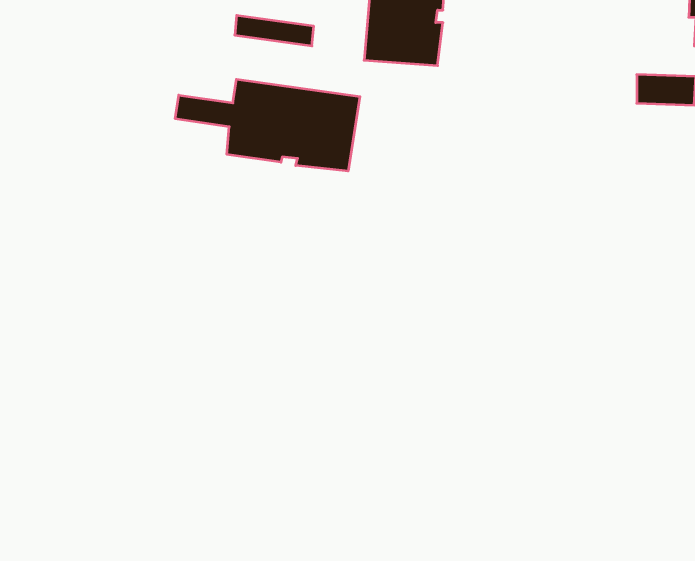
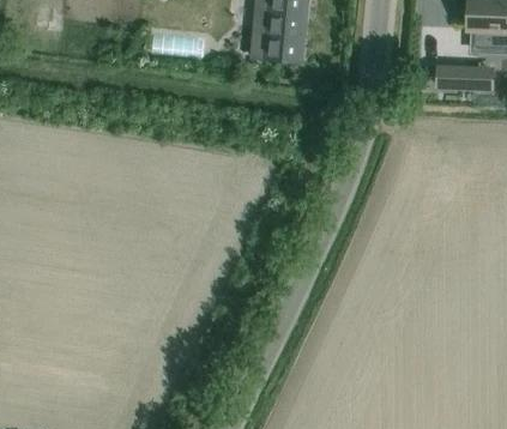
building: [175,79,360,171] -> none

